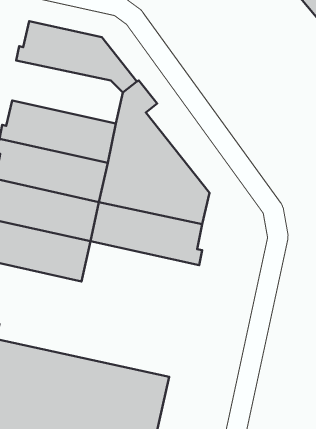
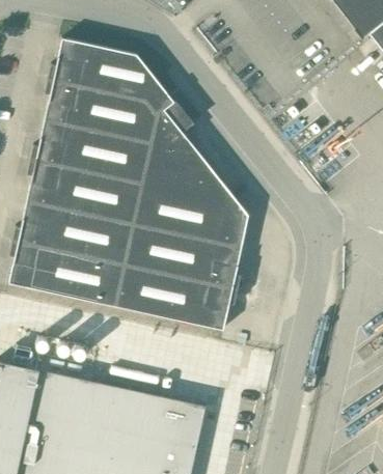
building: none -> [46,80,160,145]
building: none -> [117,267,239,331]

